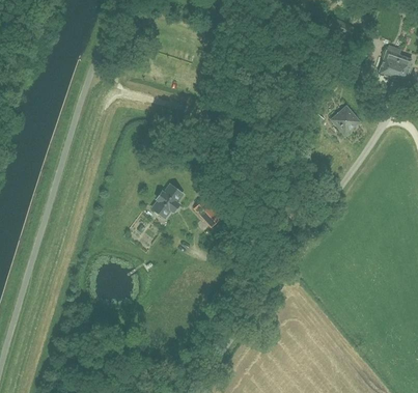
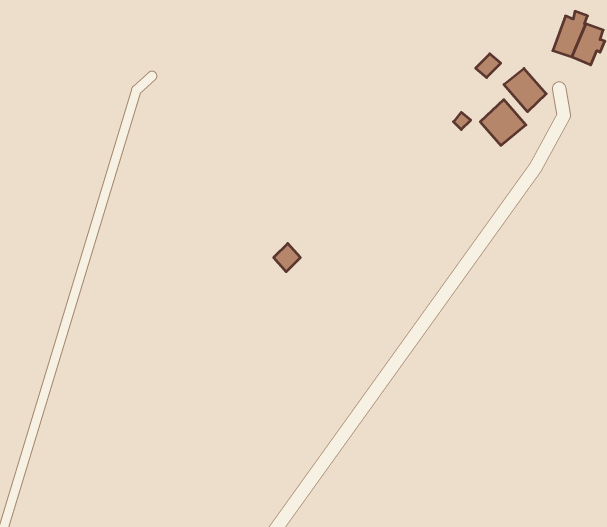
building: none -> [504,68,546,112]
building: [152,185,183,217] -> none

